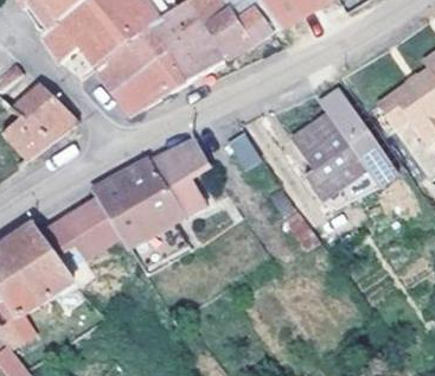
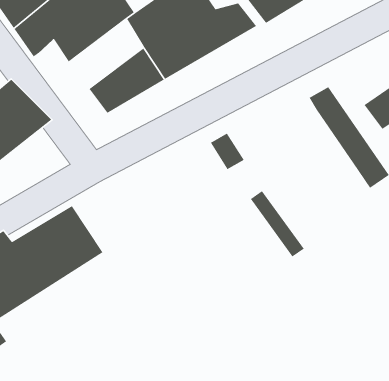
building: [94,25,165,91] -> none
building: [289,111,367,195] -> none
building: [90,138,212,247] -> none

